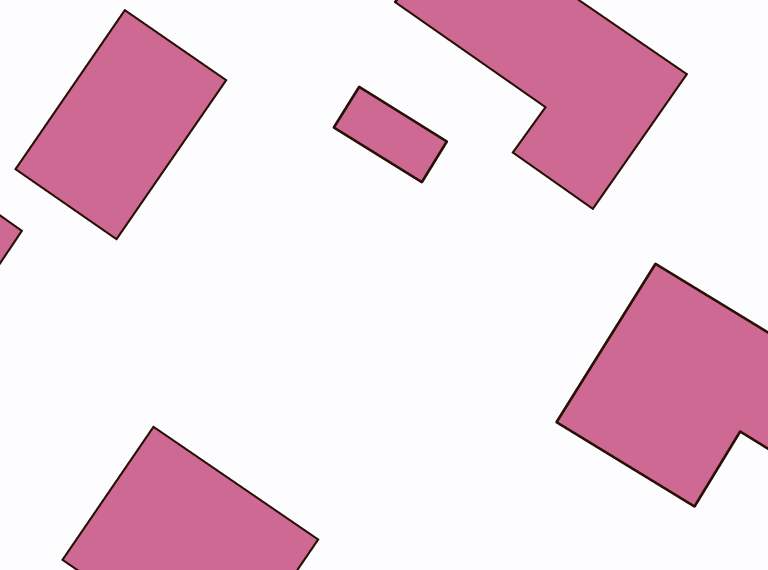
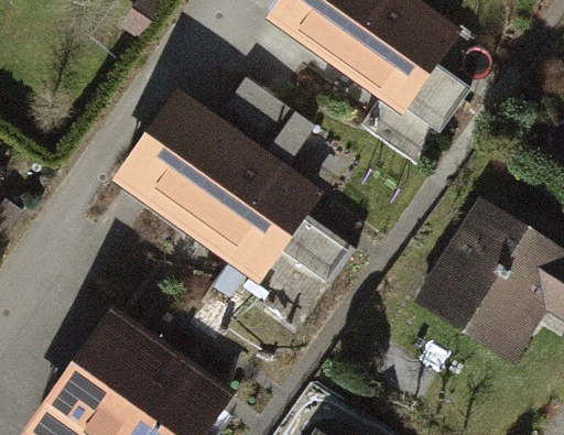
building: [16,10,226,239] -> none
building: none -> [135,112,364,301]

